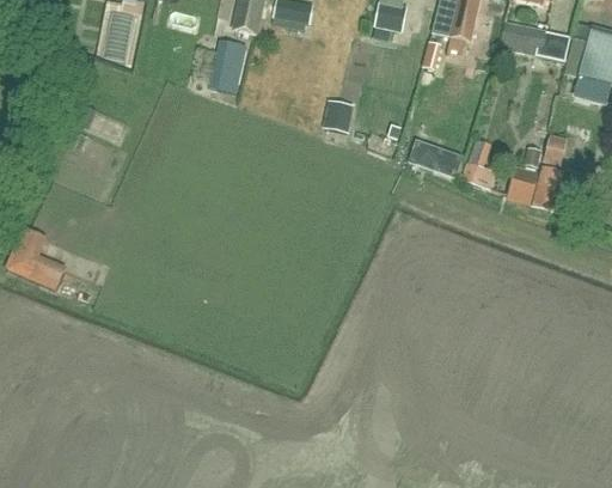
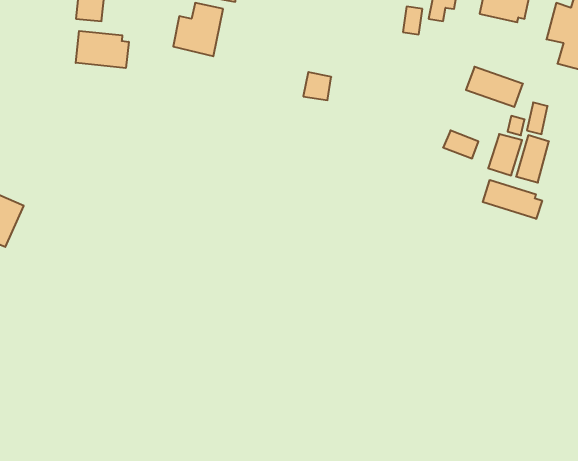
building: none -> [76,31,129,68]
building: [409,139,465,178] -> [466,67,523,107]
building: none -> [483,180,542,219]

